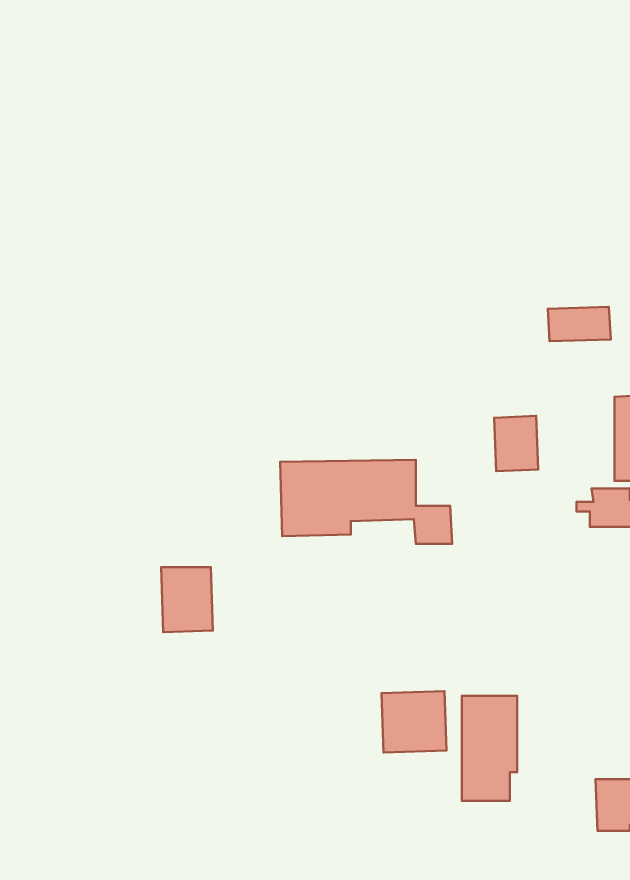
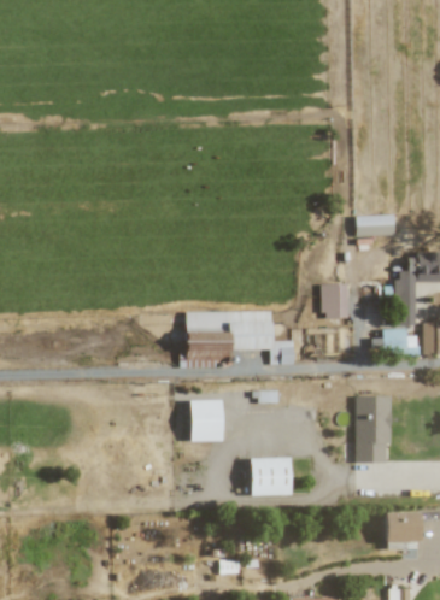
building: [161,567,213,632] -> [190,400,223,441]
building: [462,696,517,801] -> [357,395,392,461]

